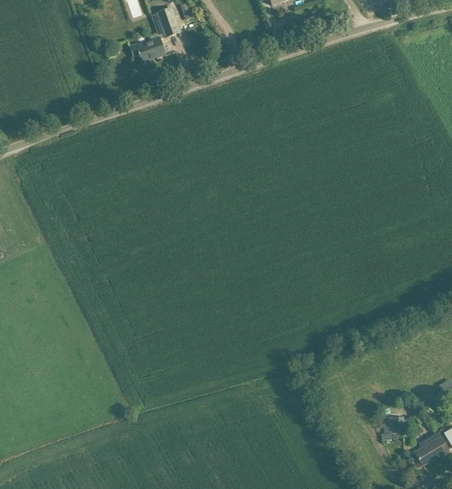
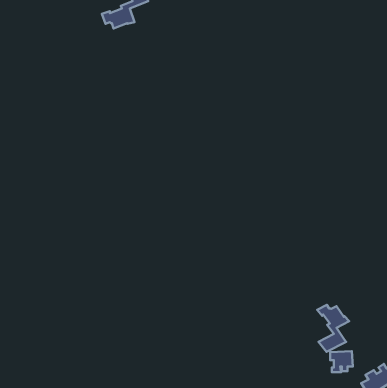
building: none -> [317,305,349,352]

